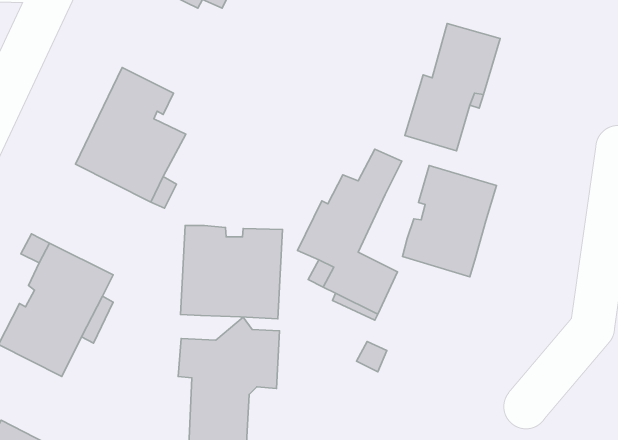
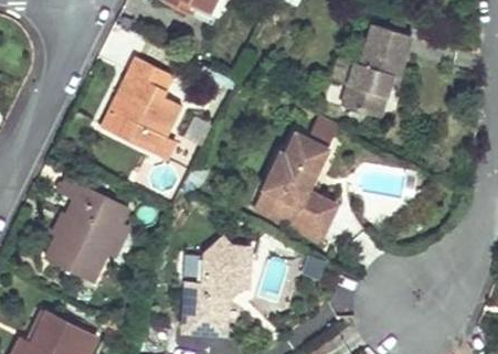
building: [402,165,496,277] -> none
building: [180,225,282,319] -> none

